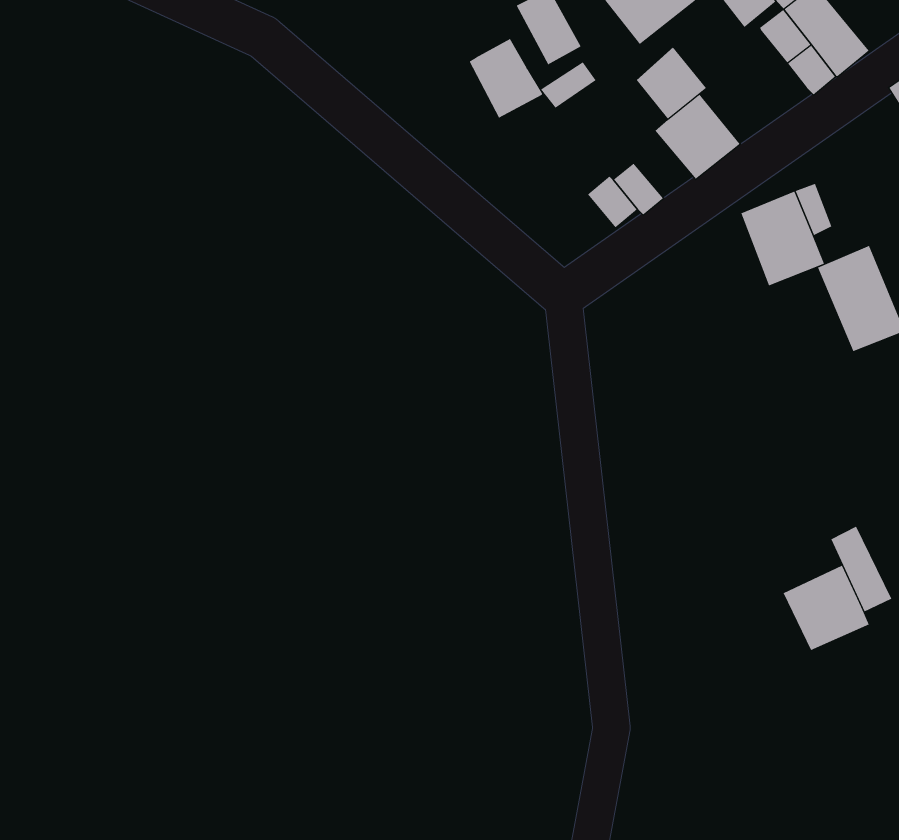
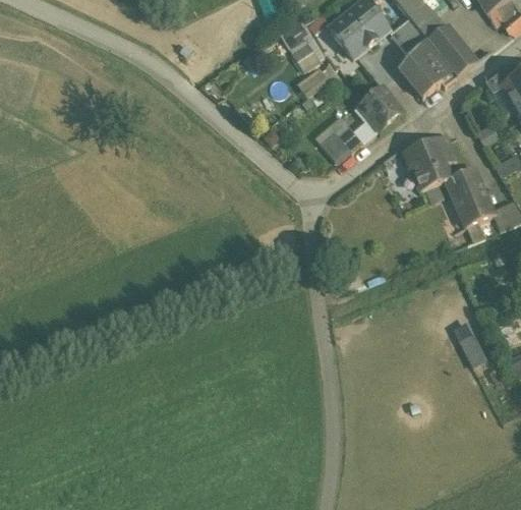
building: none -> [400,51,440,96]
building: [469,38,543,118] -> none
building: [783,565,870,651] -> none

